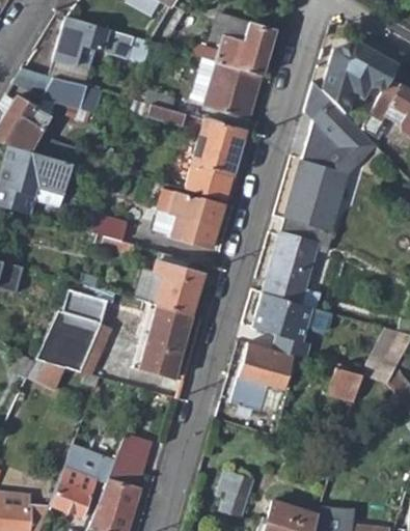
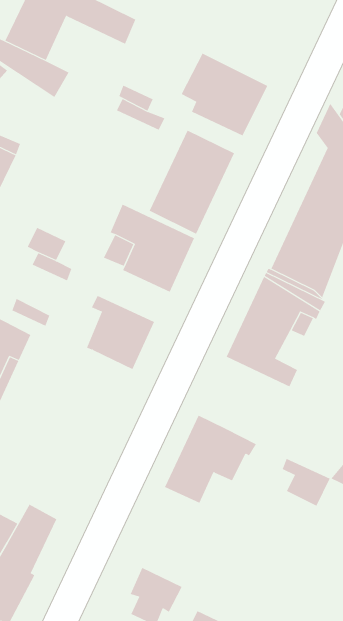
building: [201,18,276,77] -> none
building: [253,295,313,359] -> none
building: [138,306,192,383] -> none

